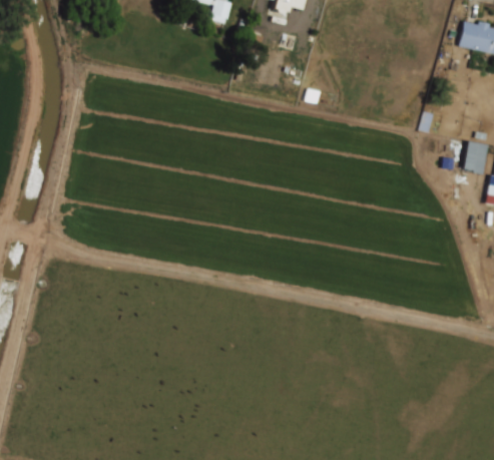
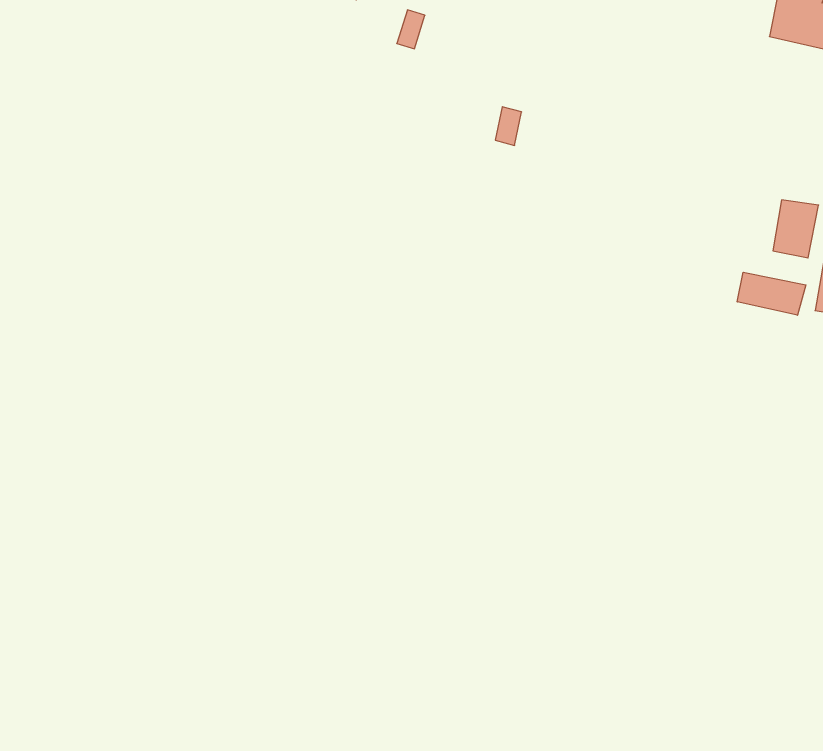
building: none -> [737,272,806,315]

